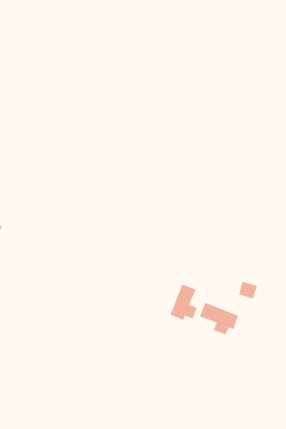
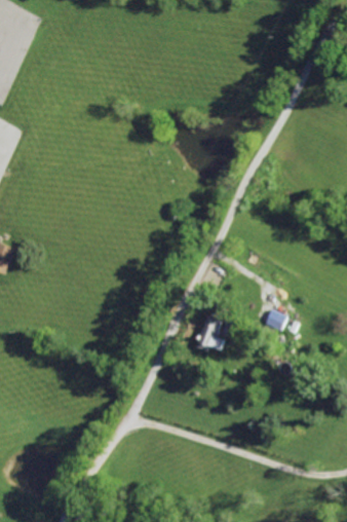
building: [199,302,239,336] -> none

